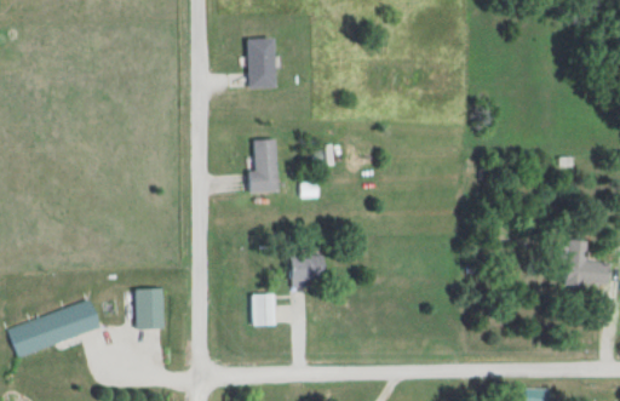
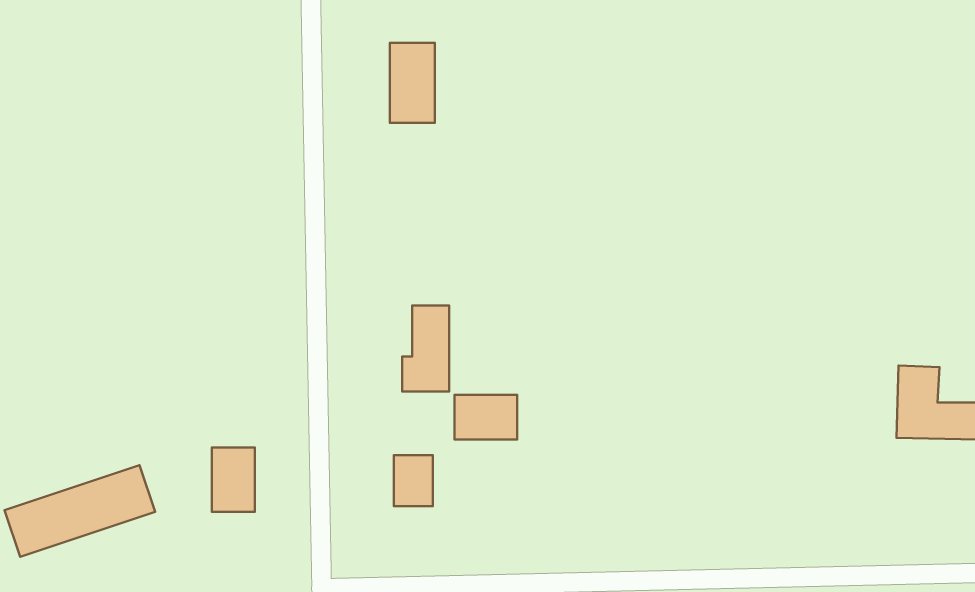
building: [247,138,276,191] -> [402,306,449,392]

